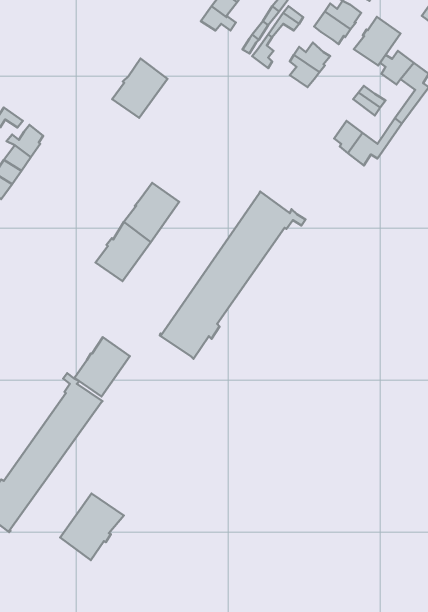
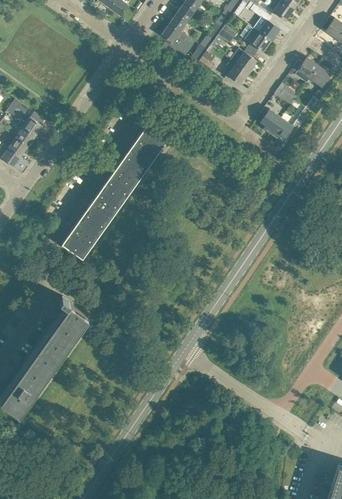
building: [354,17,400,65] -> none
building: [112,59,167,118] -> [125,125,166,169]
building: [160,192,306,359] -> none
building: [75,337,130,397] -> [62,214,103,258]
building: [60,493,124,560] -> none

